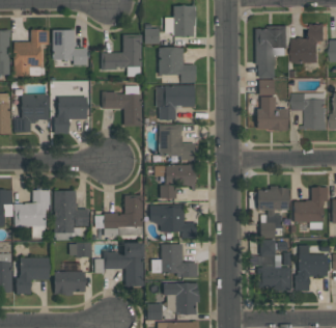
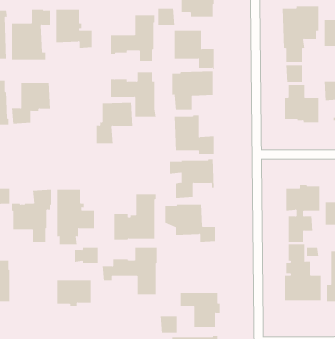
building: [54,97,87,134] -> [96,102,133,144]
building: [151,244,197,276] -> none
building: [16,256,50,294] -> none

